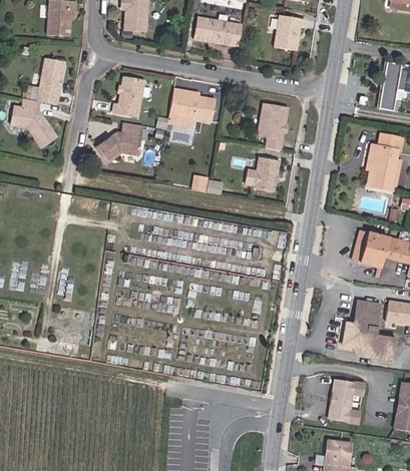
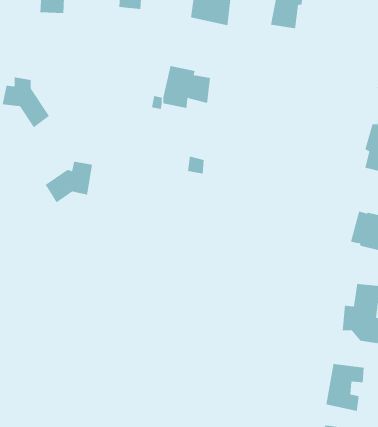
building: [37,59,64,104] -> none
building: [111,76,143,119] -> none
building: [258,103,288,150] -> none
building: [95,123,142,164] -> [45,161,93,203]
building: [246,157,279,190] -> none

